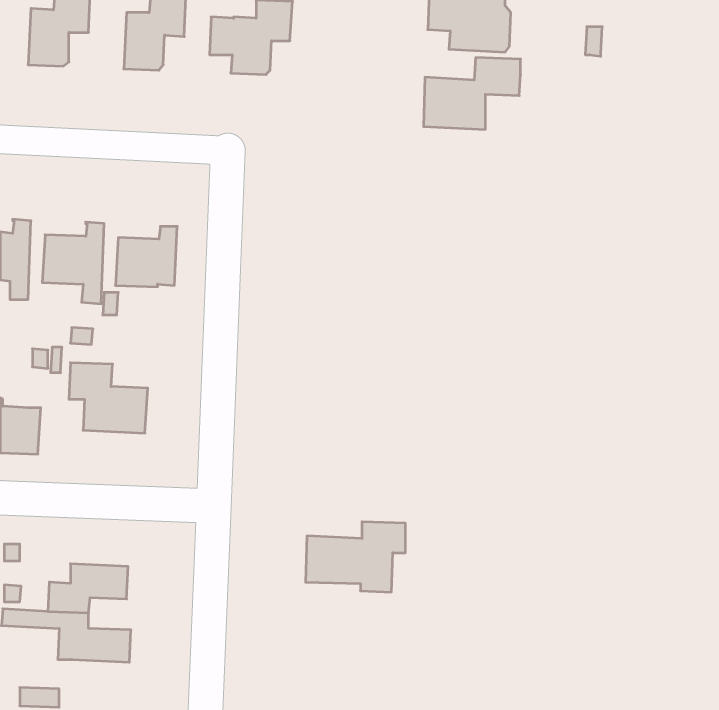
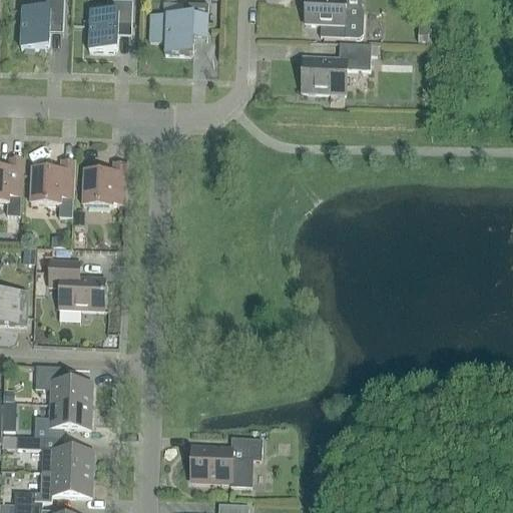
building: none -> [35,365,92,404]
building: [306,522,405,592] -> [190,436,262,486]
building: none -> [50,470,92,495]

